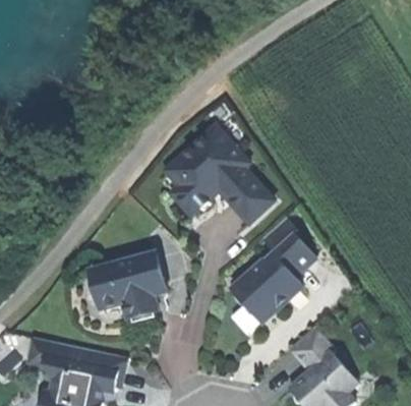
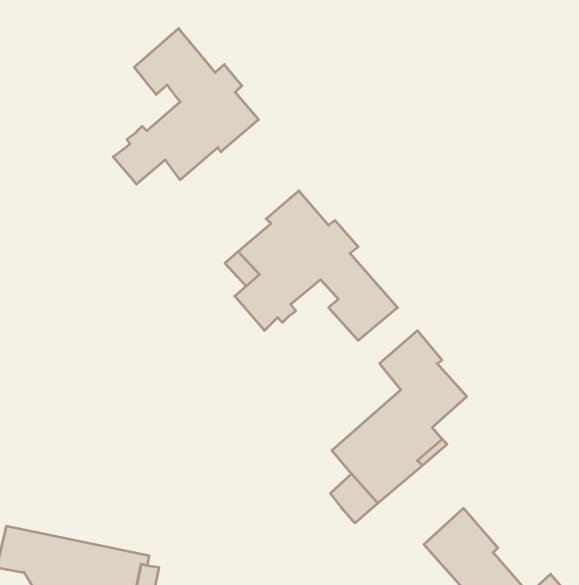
building: none -> [113,28,259,184]
building: [89,253,164,318] -> none

